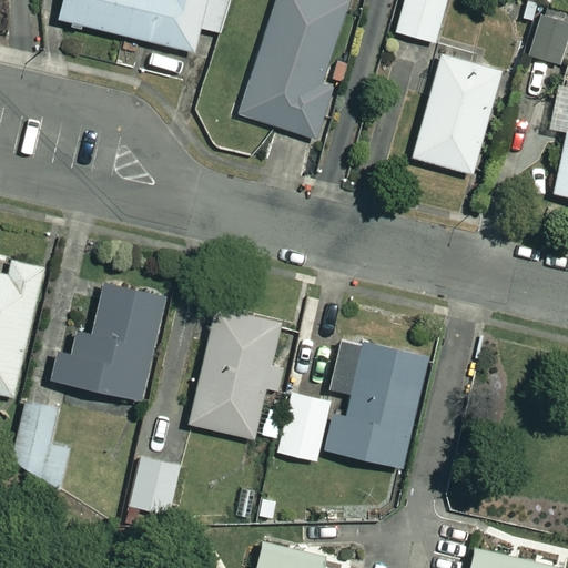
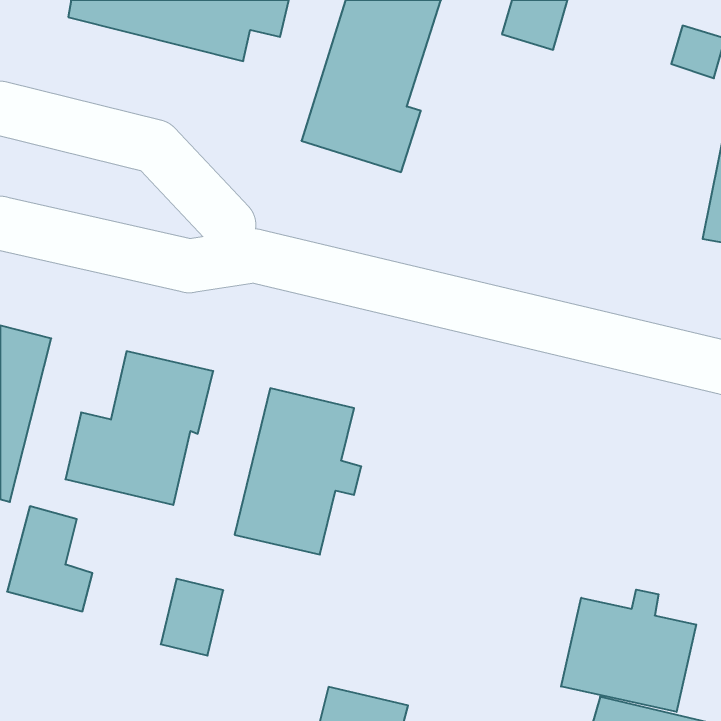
building: [410,53,501,173] -> none
building: [281,339,430,466] -> none
building: none -> [561,590,696,712]

